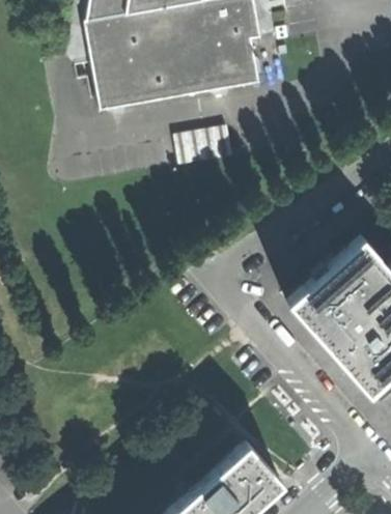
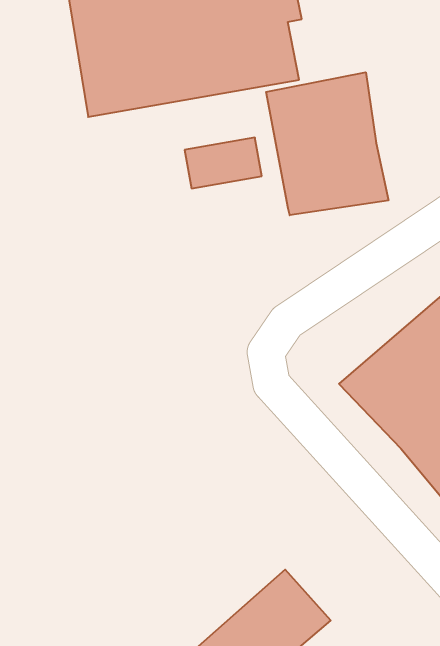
building: none -> [266,72,388,215]

